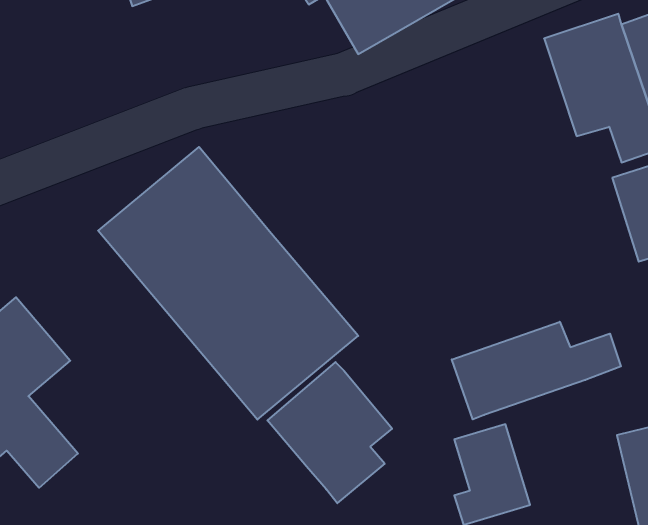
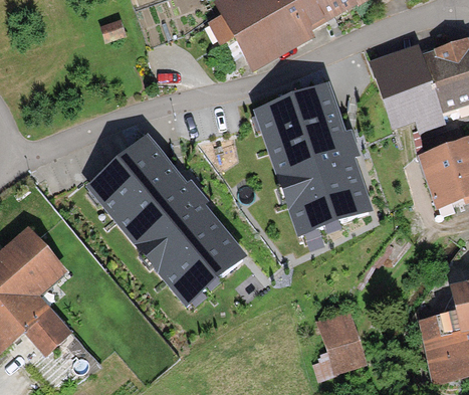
building: none -> [255,83,374,233]
building: [452,322,621,419] -> none
building: [267,362,392,503] -> none

